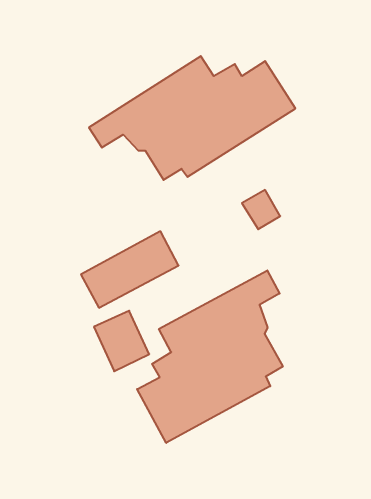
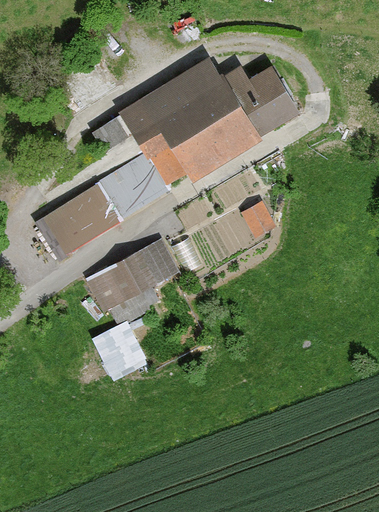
building: none -> [41,157,162,253]
building: [137,270,283,443] -> none

